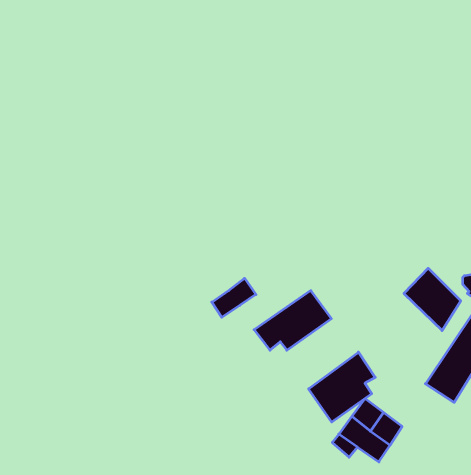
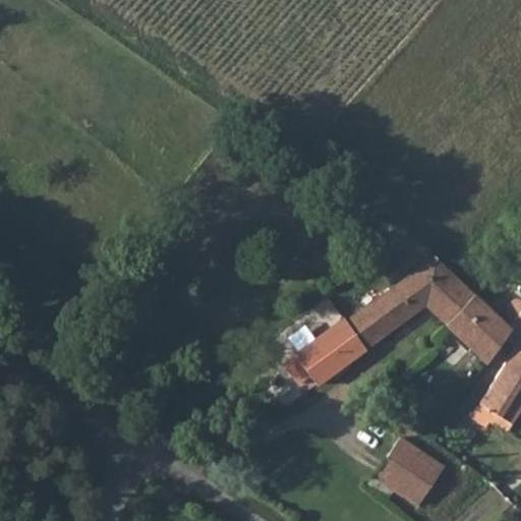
building: none -> [343,257,473,349]
building: [212,278,256,317] -> none
building: [309,352,375,422] -> none

